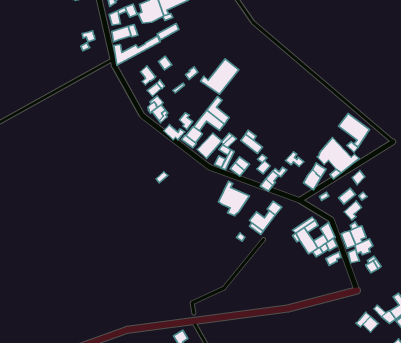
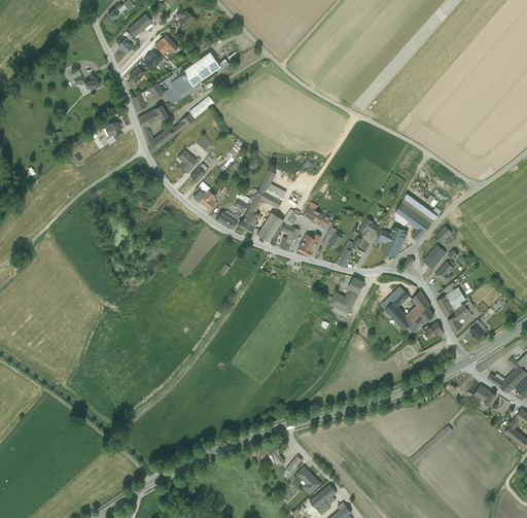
building: [200,59,239,94] -> none
building: [339,114,369,147] -> none
building: [219,181,249,216] -> none

